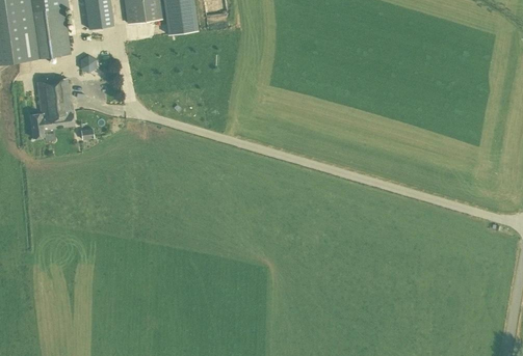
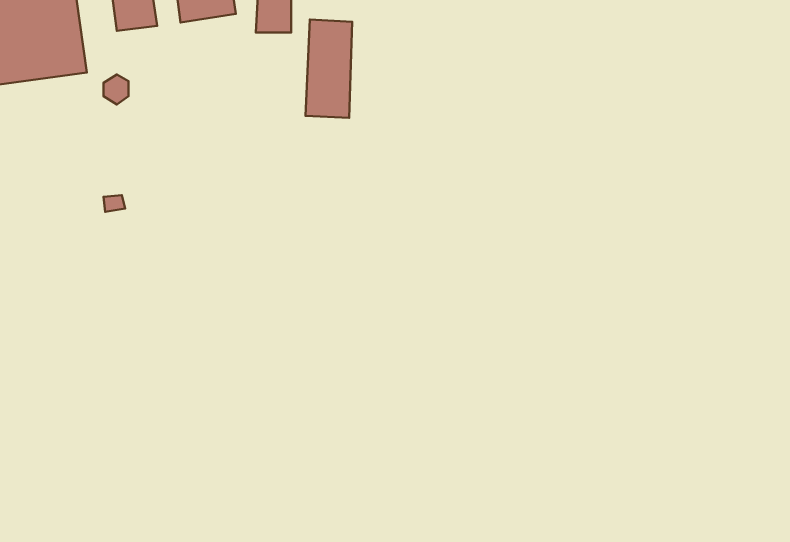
building: none -> [306,20,352,118]
building: [29,78,73,138] -> none

